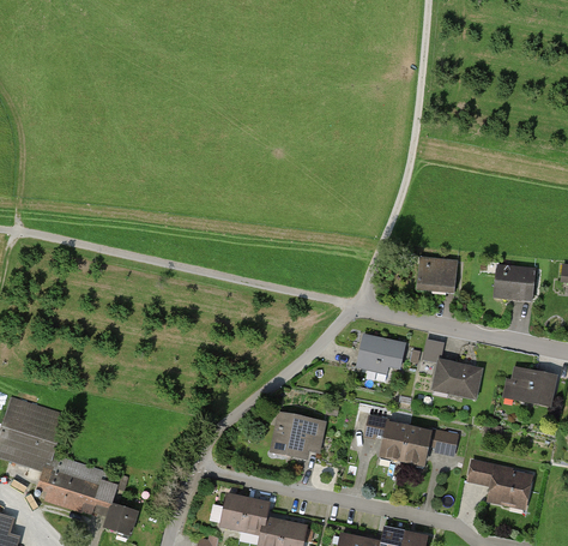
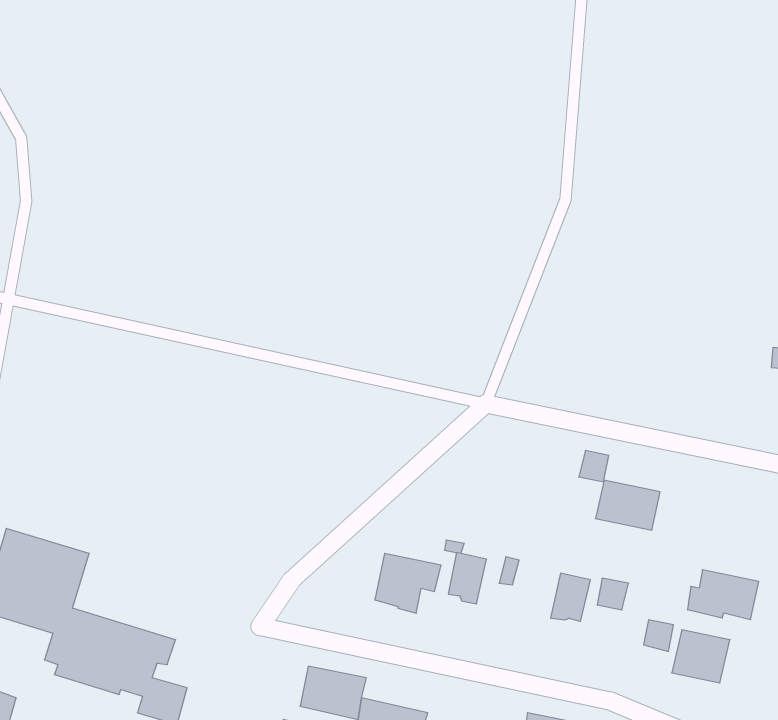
building: [416,257,457,290] -> none
building: [494,265,533,299] -> none
building: [357,335,405,380] -> none
building: [504,367,556,403] -> [687,570,759,620]
building: [381,424,409,461] -> [448,552,486,604]

